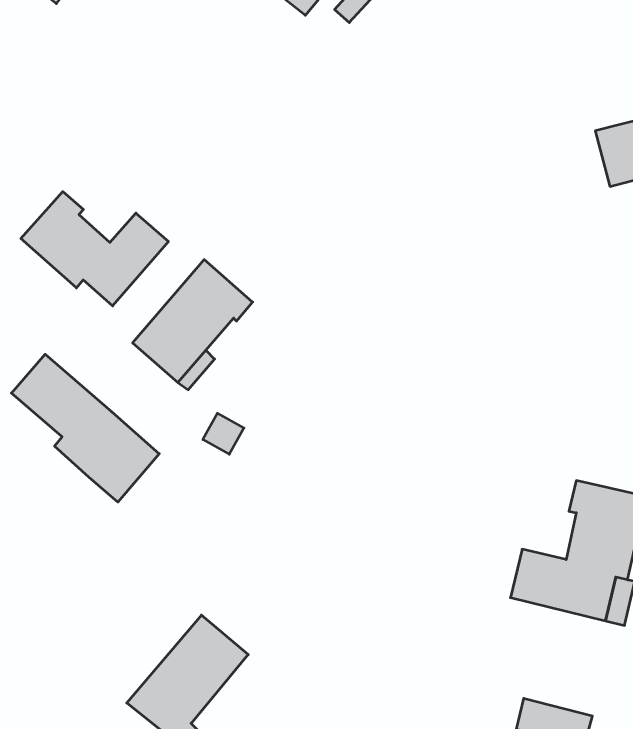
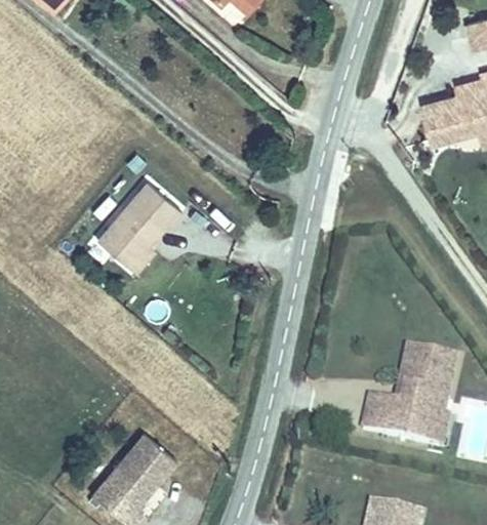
building: [21,192,168,306] -> none
building: [11,354,159,502] -> none

